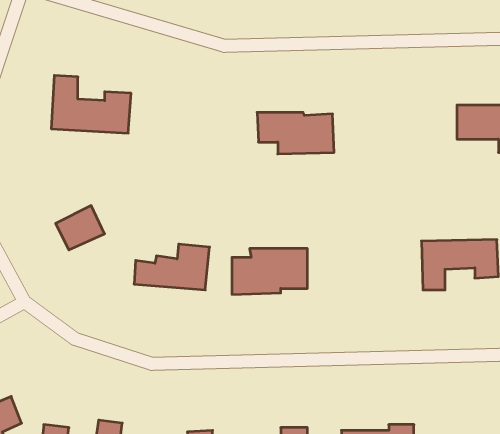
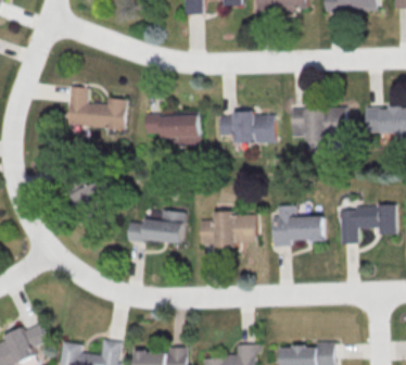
building: none -> [291,106,347,152]
building: none -> [145,114,200,147]
building: none -> [272,205,325,247]

